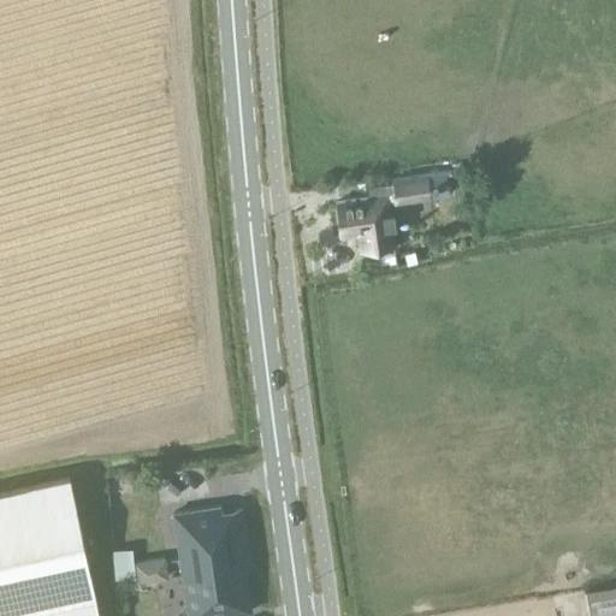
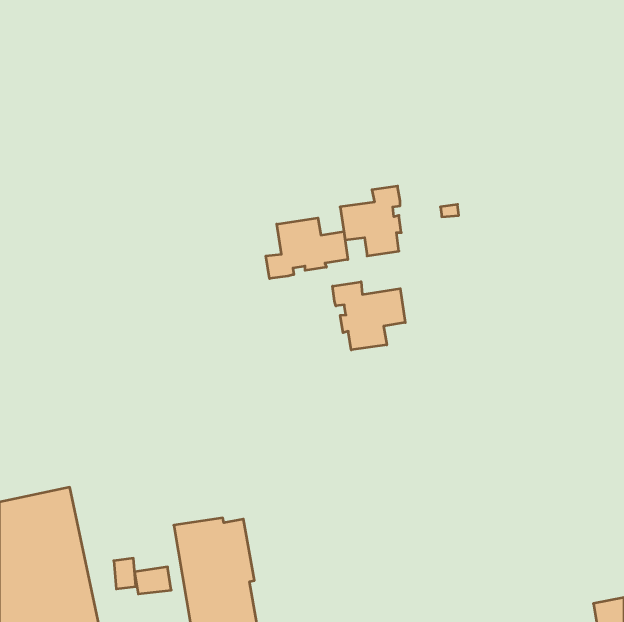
building: [391,178,449,206] -> none
building: none -> [266,218,348,279]
building: none -> [333,282,405,350]

